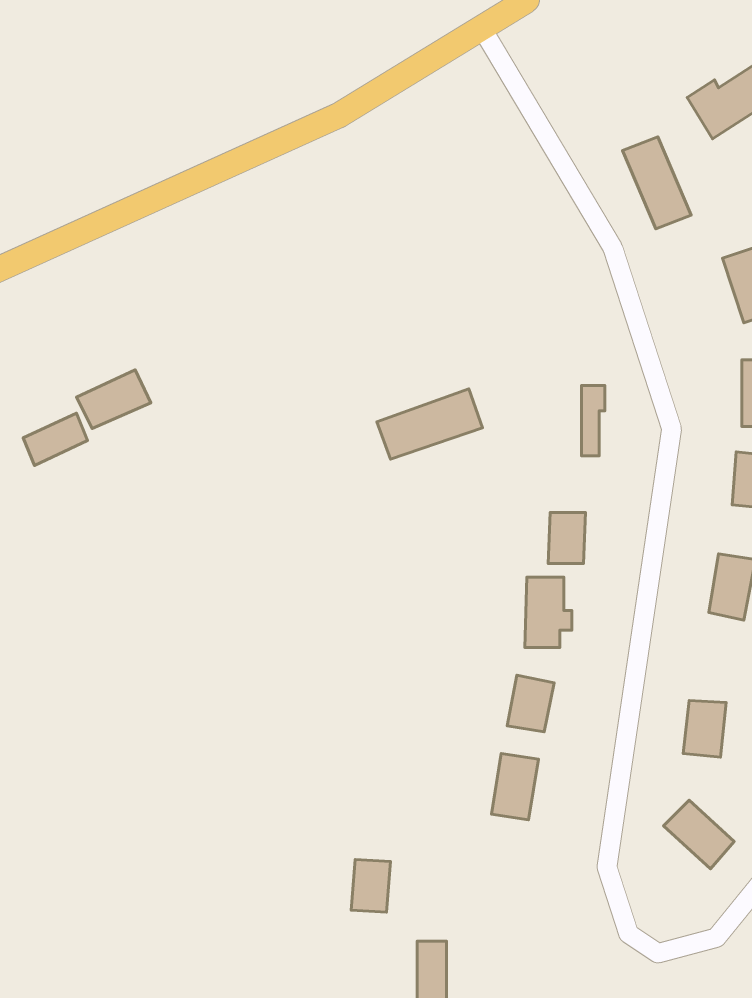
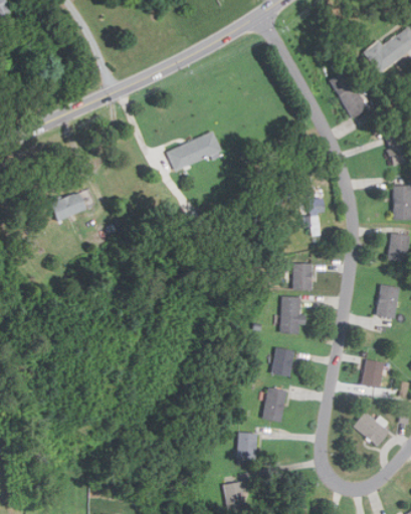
building: [377,389,482,459] -> [168,133,222,169]
building: [23,413,87,465] -> none
building: [351,859,390,912] -> [237,433,257,460]

